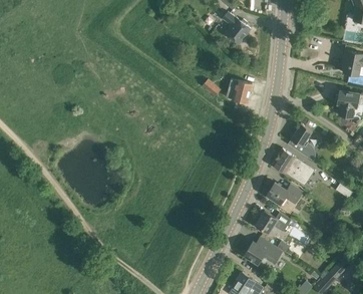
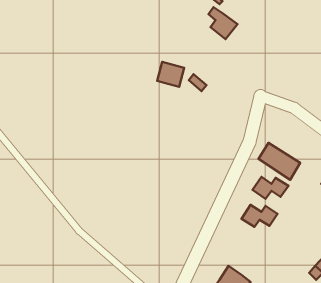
building: [225,78,252,103] -> [157,62,184,87]
building: [287,123,315,162] -> none
building: [244,241,282,264] -> none

